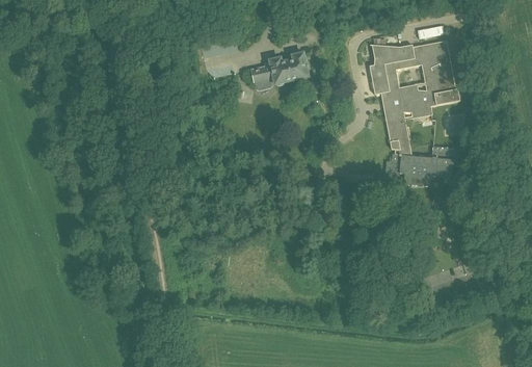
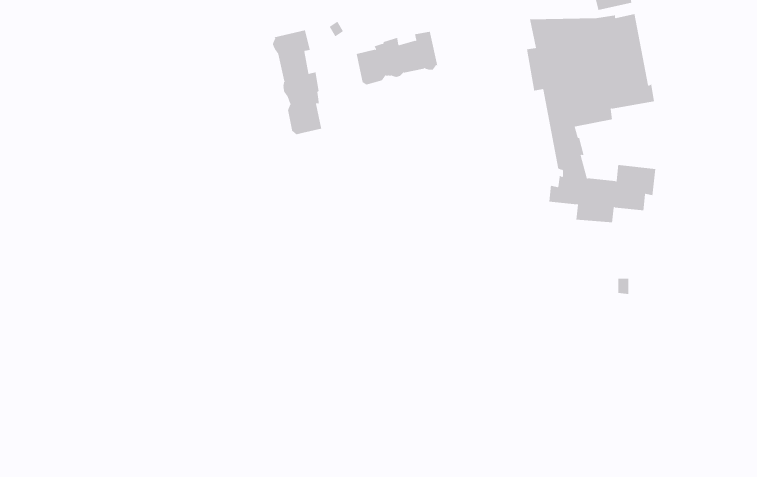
building: none -> [272,30,322,135]

